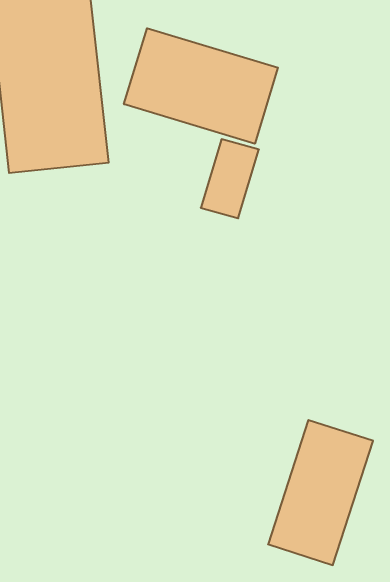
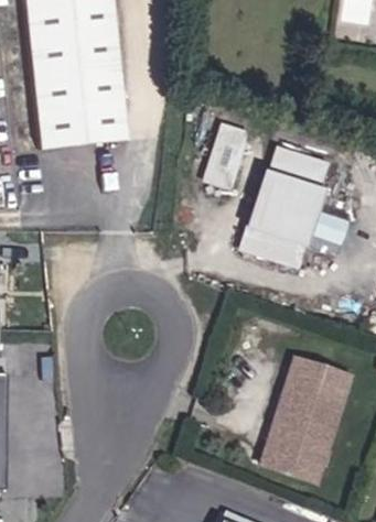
building: [124,28,278,144] -> none
building: none -> [238,144,347,265]

